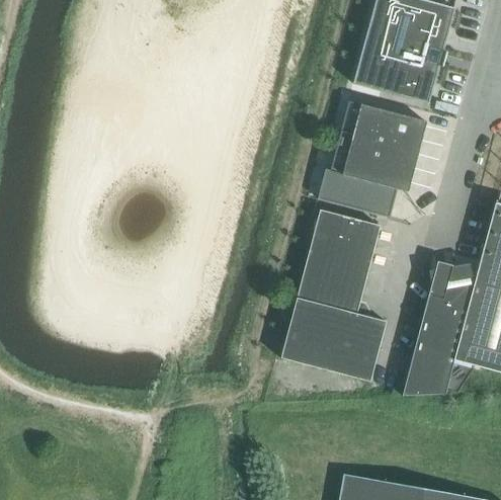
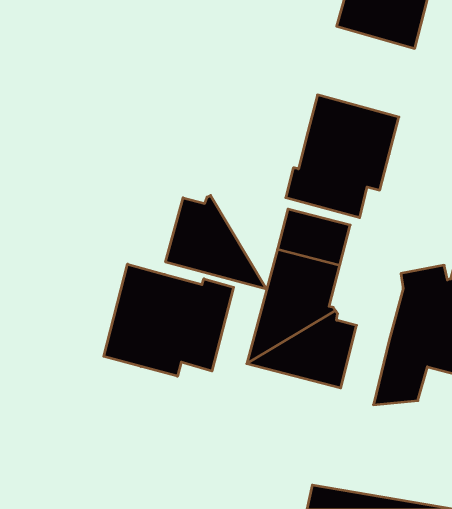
building: [353,34,441,102] -> none
building: none -> [166,195,267,289]
building: none -> [104,264,234,376]

